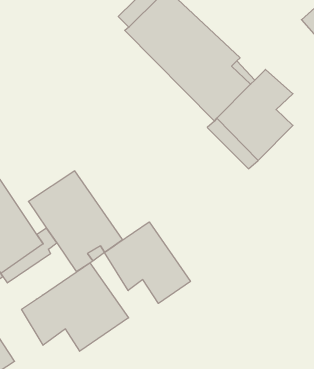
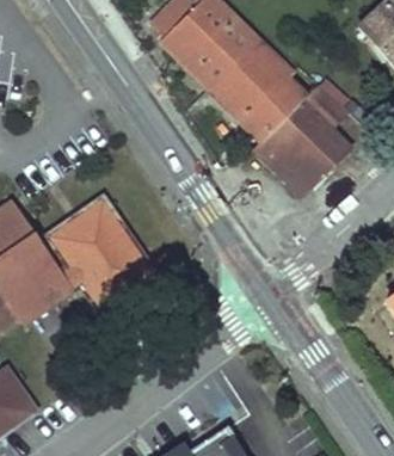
building: [104,222,190,303] -> none
building: [22,263,129,351] -> none

